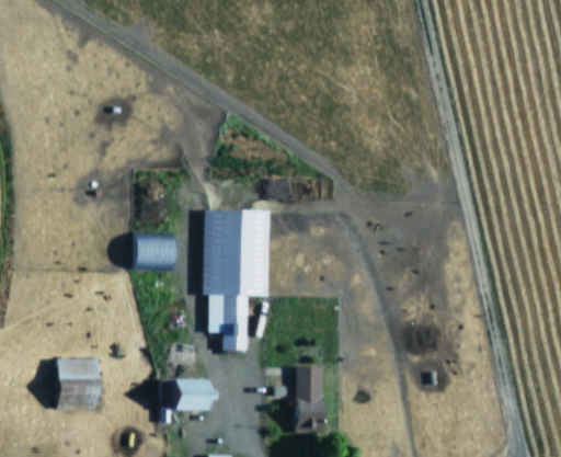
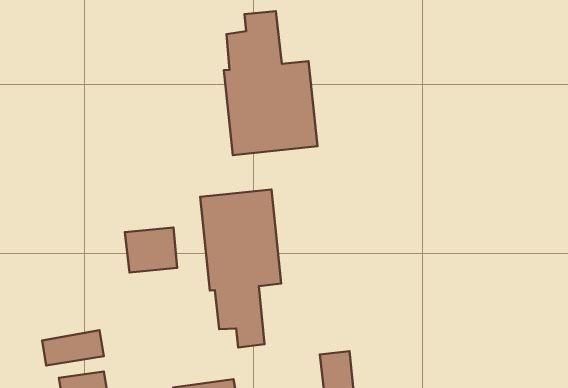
building: none -> [224,11,317,155]
building: none -> [42,330,104,366]

